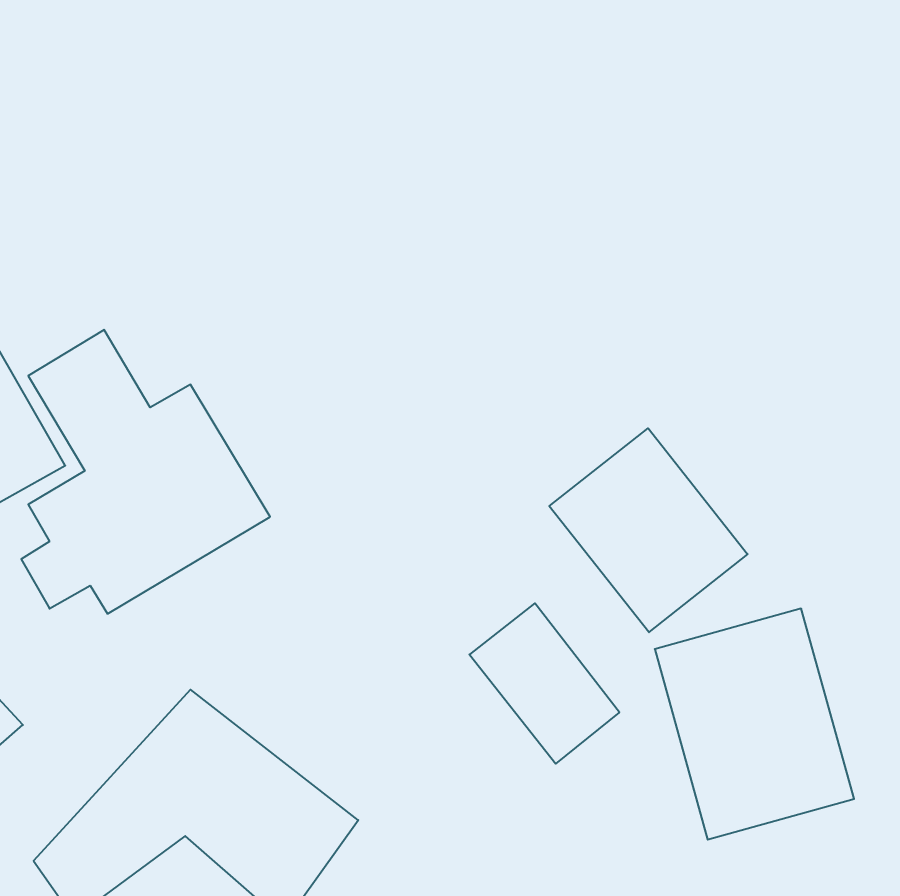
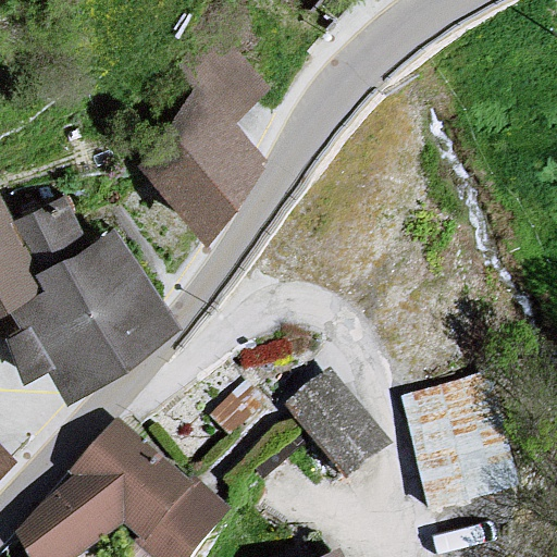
building: none -> [127,54,275,221]
building: [549,428,748,632] -> none

